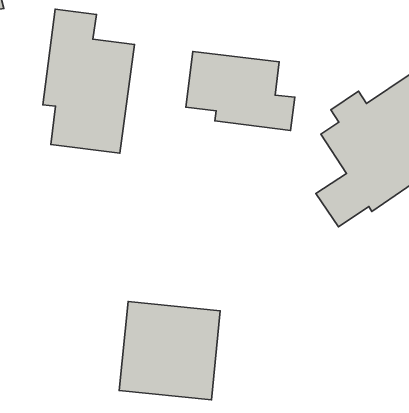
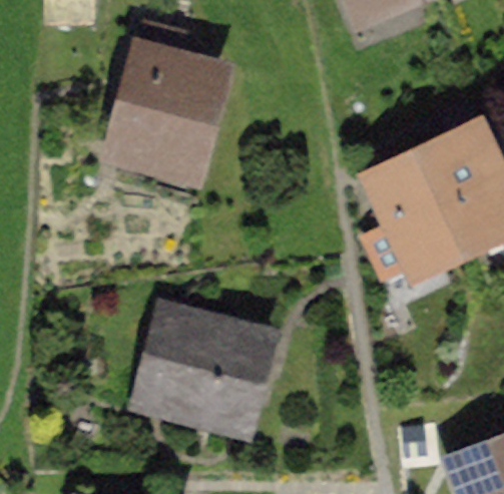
building: [186,52,295,131] -> none

